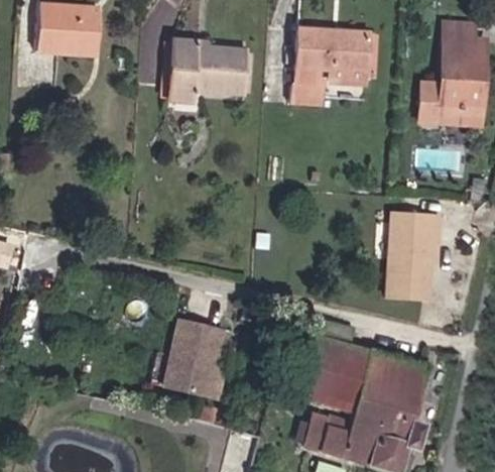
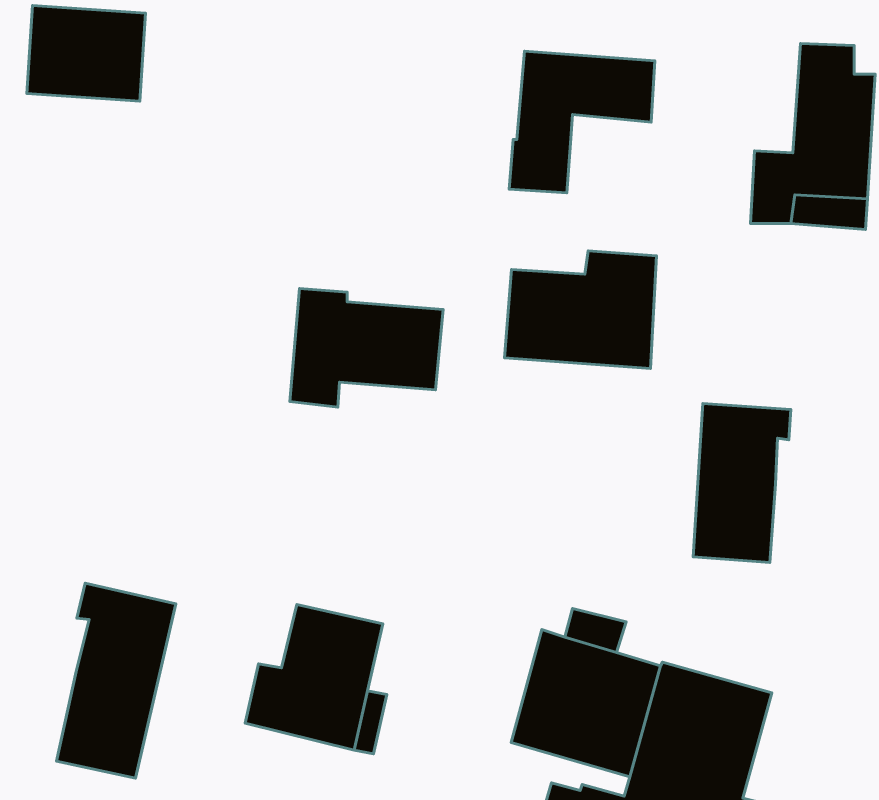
building: [324,34,378,82] -> none
building: [169,40,250,103] -> [290,288,443,407]
building: none -> [504,251,657,369]
building: none -> [56,583,176,778]

